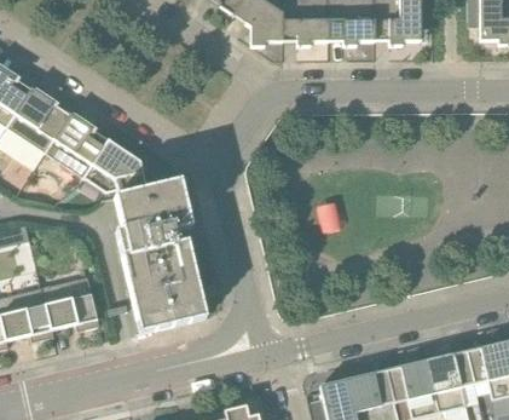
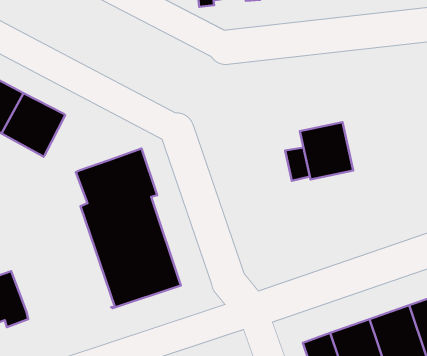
building: [86,140,148,196] -> none
building: none -> [300,122,353,180]
building: [42,276,100,332] -> none

